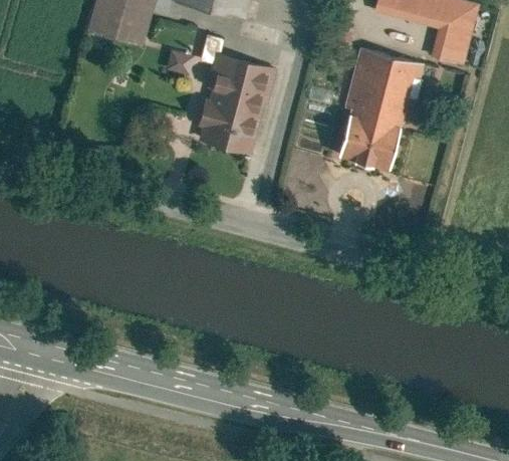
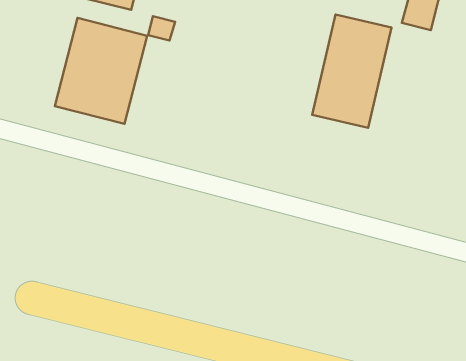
building: none -> [55,18,147,124]
building: [195,52,272,153] -> none

